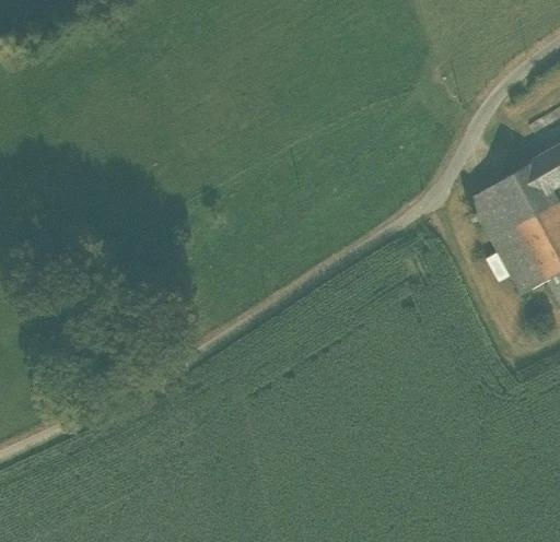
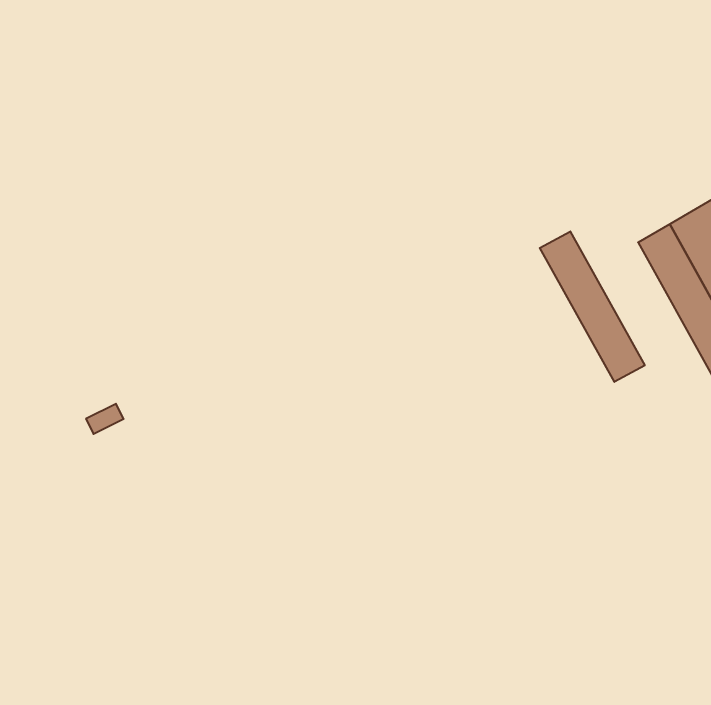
building: none -> [540,231,645,382]

